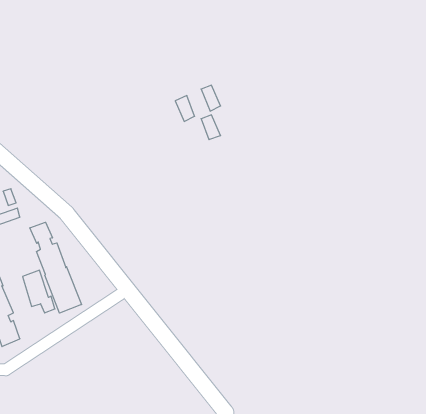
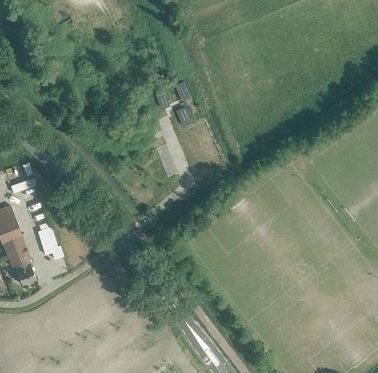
building: [30,222,82,313] -> none

